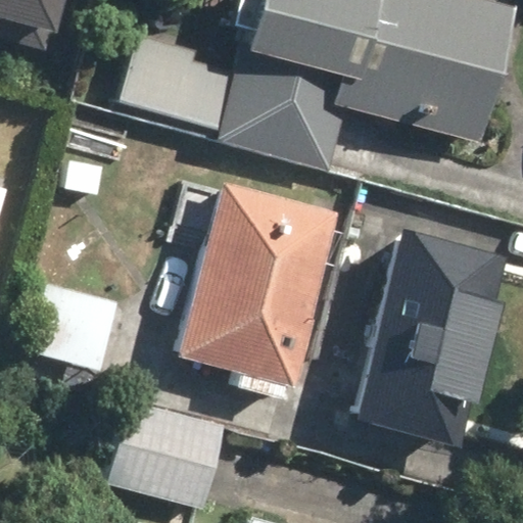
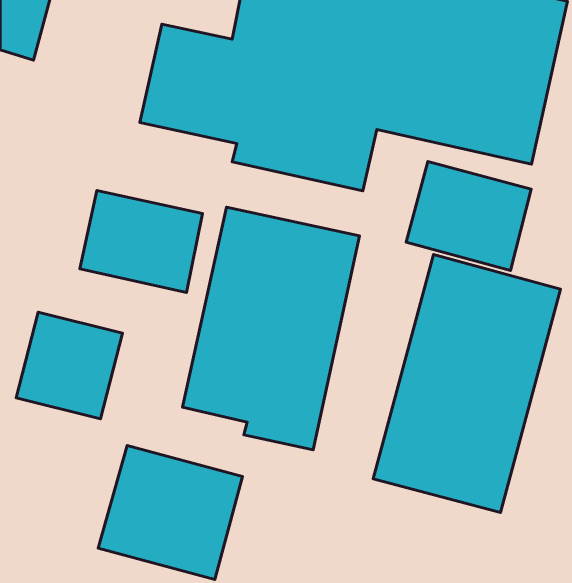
building: none -> [406,162,531,271]
building: none -> [80,191,203,292]

